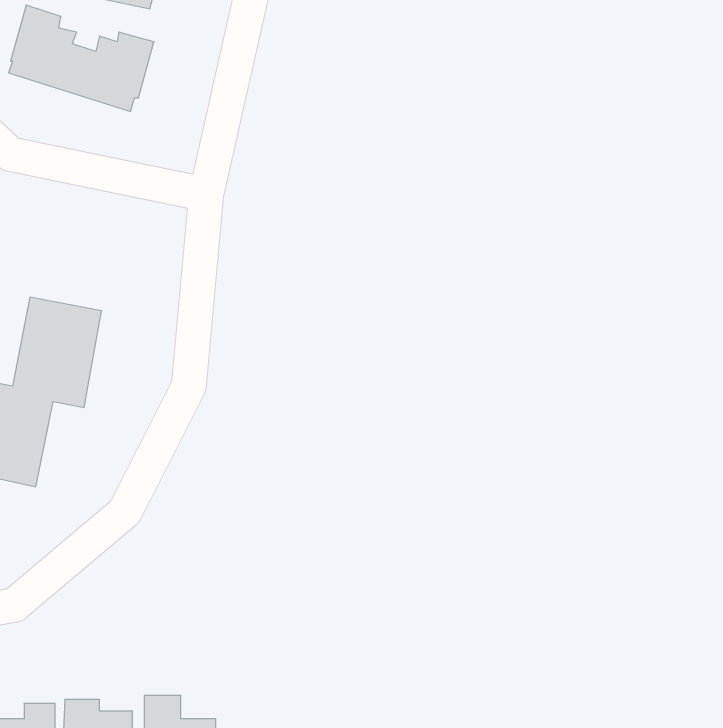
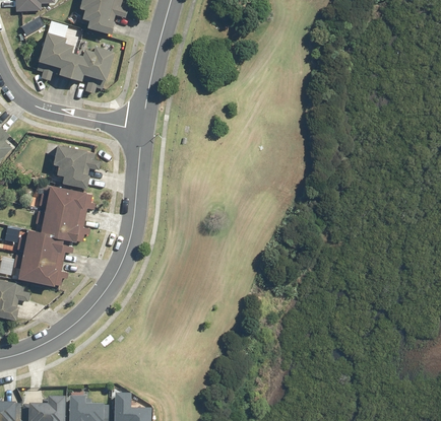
building: none -> [54,144,89,189]

